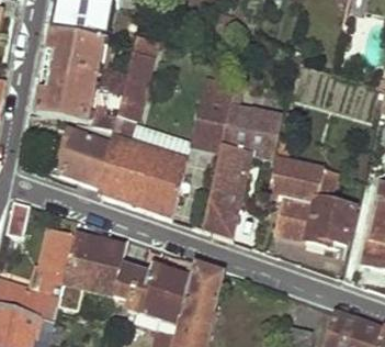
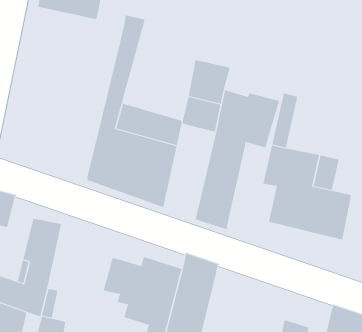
building: [37,25,109,119] -> none
building: [55,127,111,187] -> none
building: [65,233,128,296] -> none

